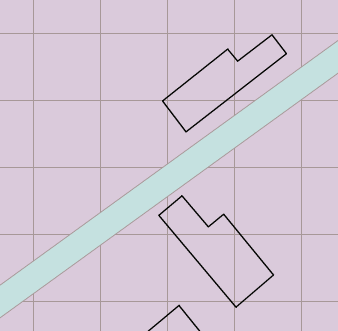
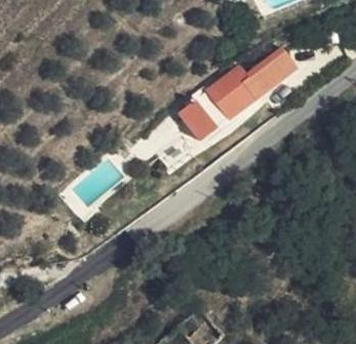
building: [159,196,273,307] -> none

